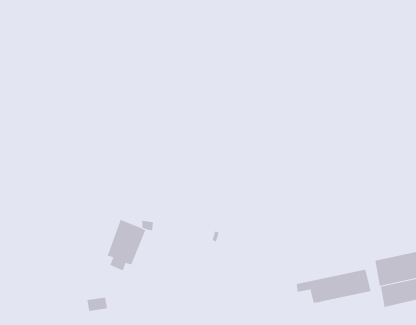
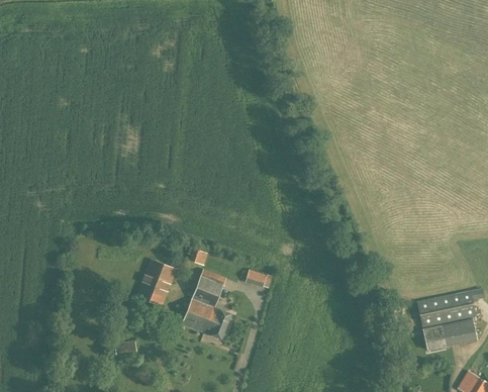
building: none -> [182,269,231,337]
building: [296,269,371,304] -> none

